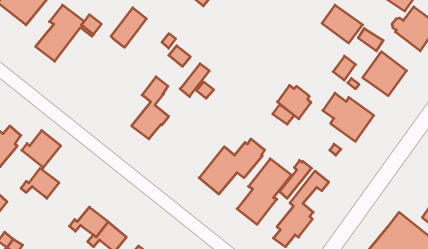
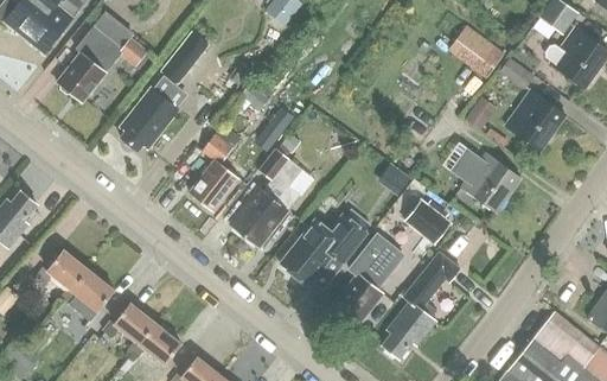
building: none -> [121,87,178,151]
building: [277,85,311,119] -> [405,198,452,245]
building: none -> [231,147,300,246]
building: [22,130,61,168] -> [62,269,115,320]

